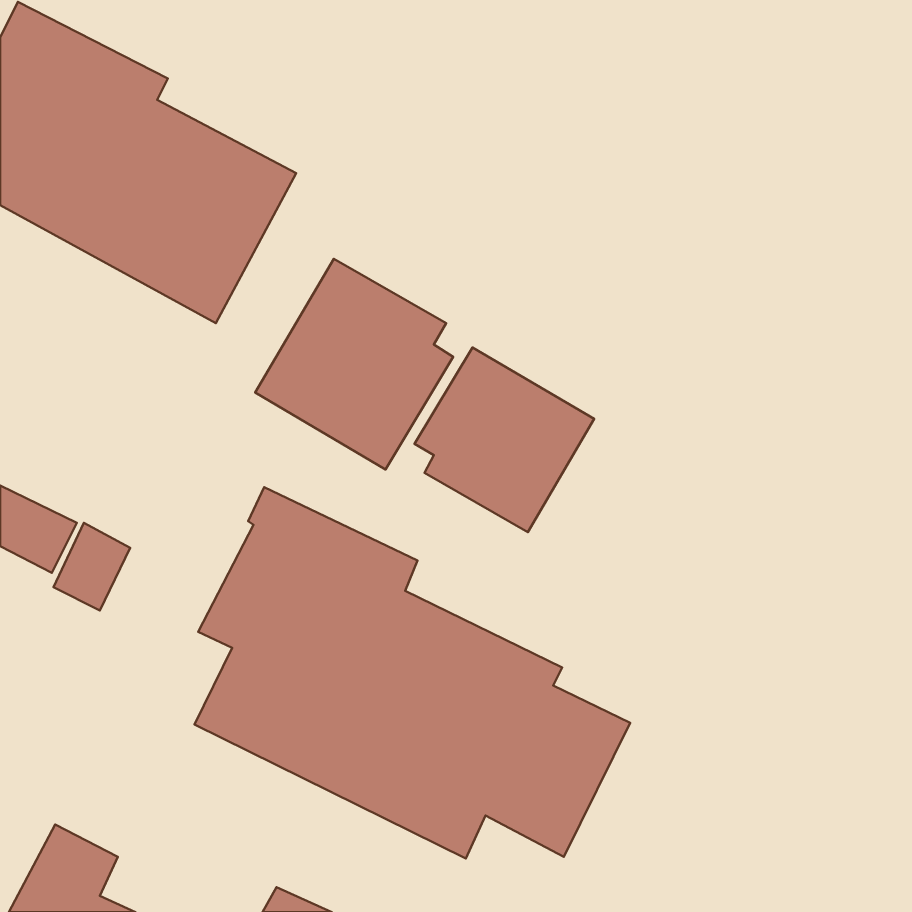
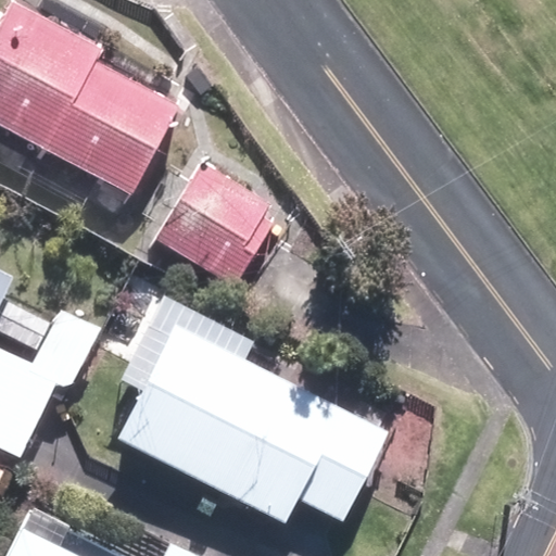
building: [415,347,594,532] -> none

